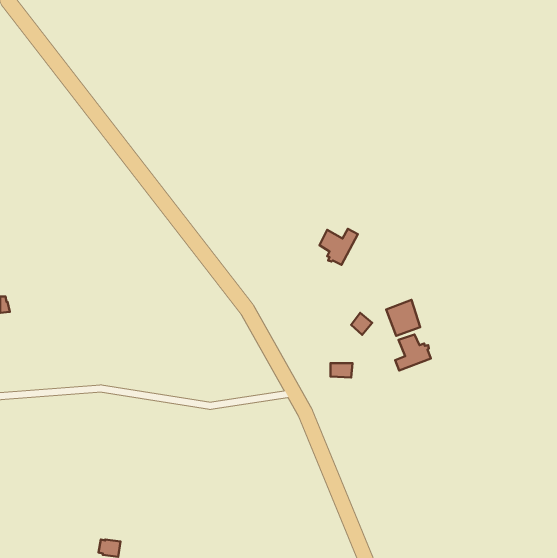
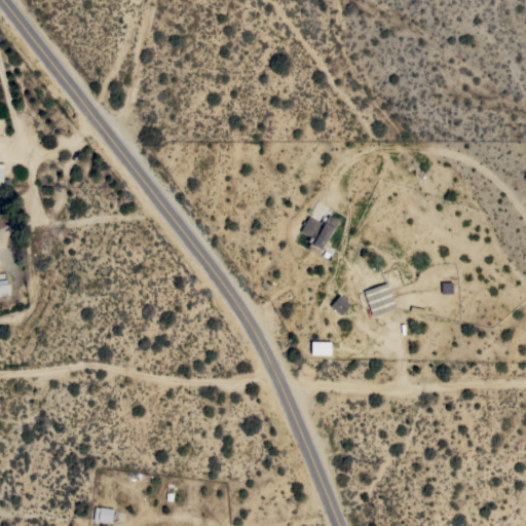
building: [395,335,431,370] -> none

